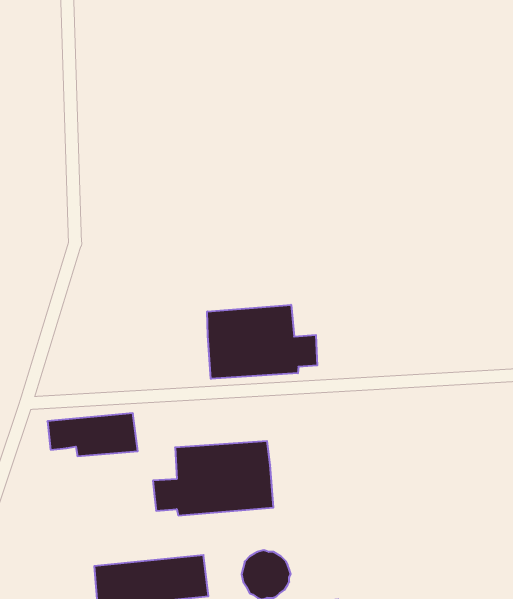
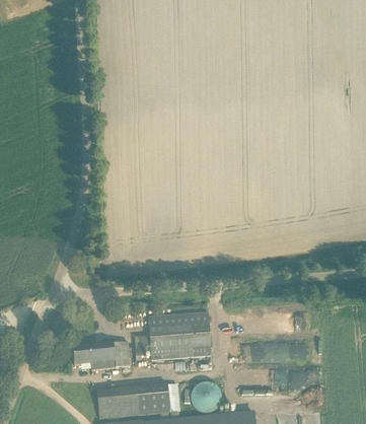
building: [207,305,317,379] -> none
building: [47,413,138,456] -> [73,342,131,369]

